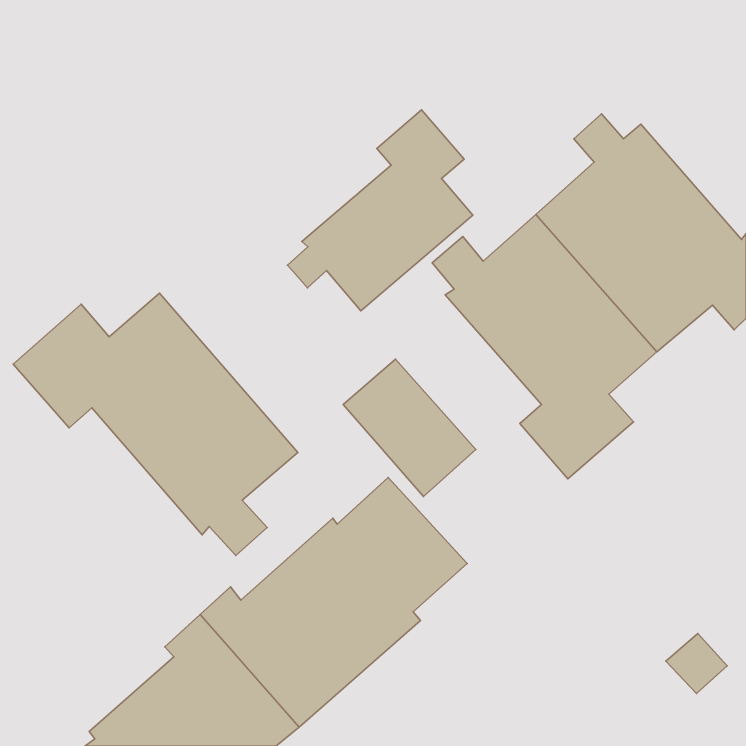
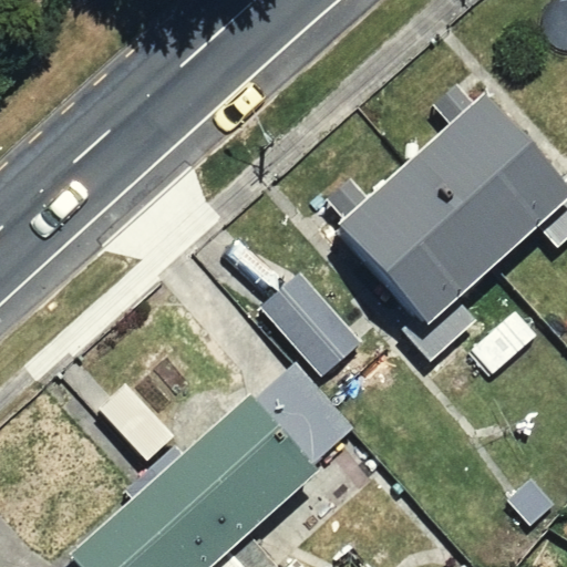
building: [287,110,473,311] -> none
building: [13,293,298,555] -> none

